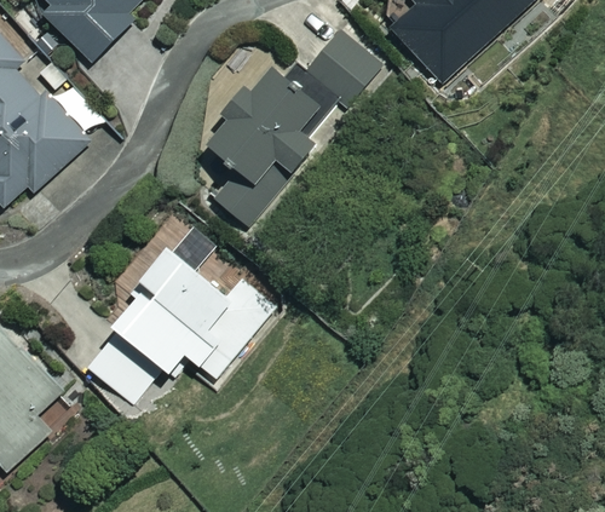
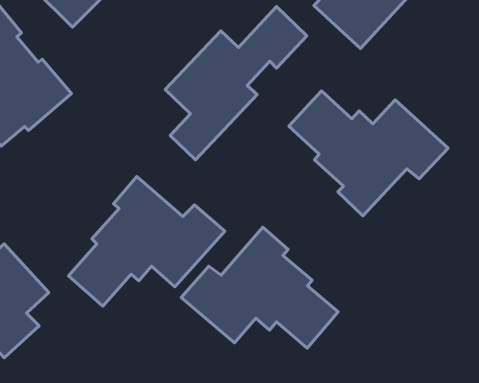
building: none -> [289,91,448,216]
building: none -> [181,227,338,348]

